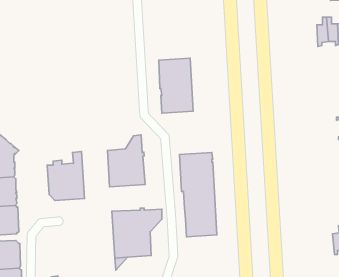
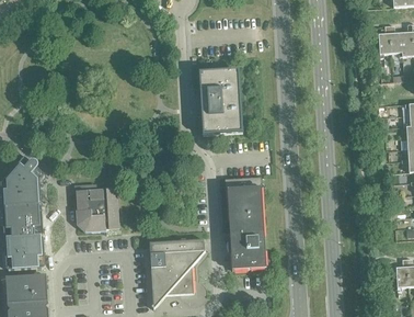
building: [108,135,145,187] -> none

